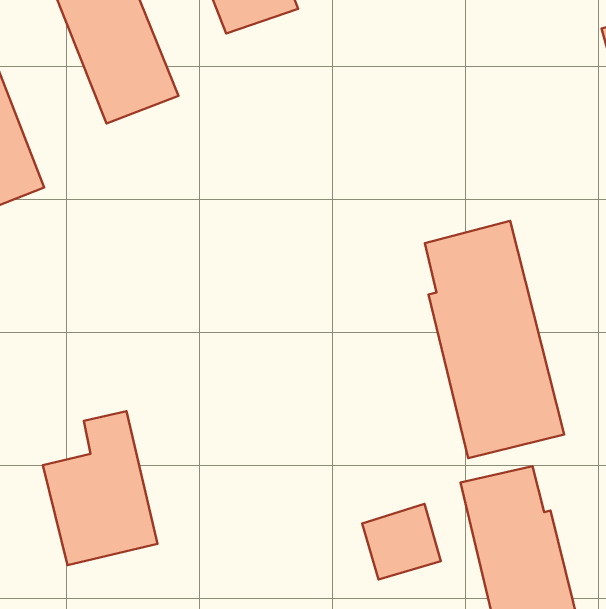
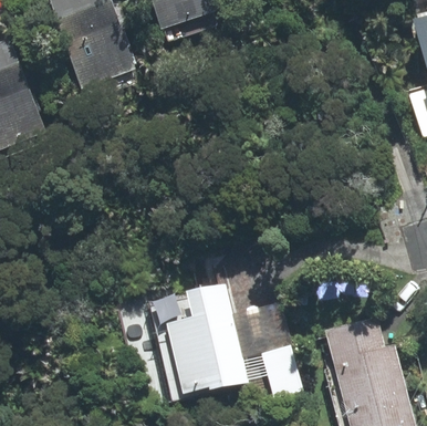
building: [425,221,564,458] -> none
building: [43,411,158,565] -> [164,289,241,393]

